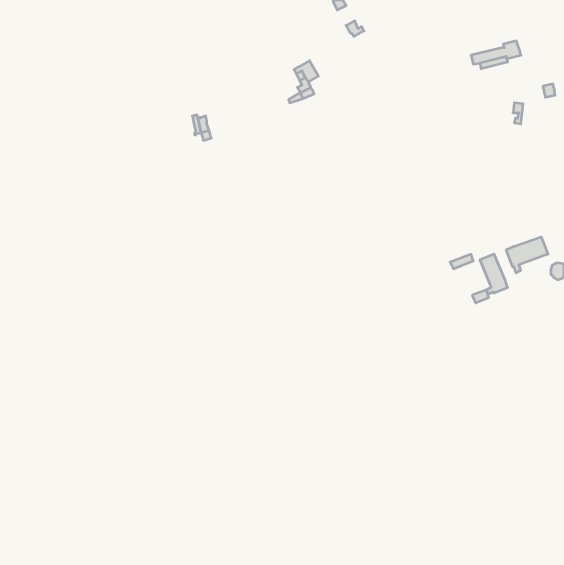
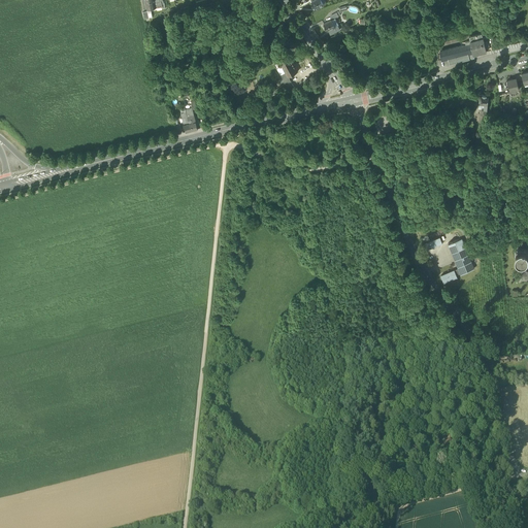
building: [506,237,548,273] -> none

